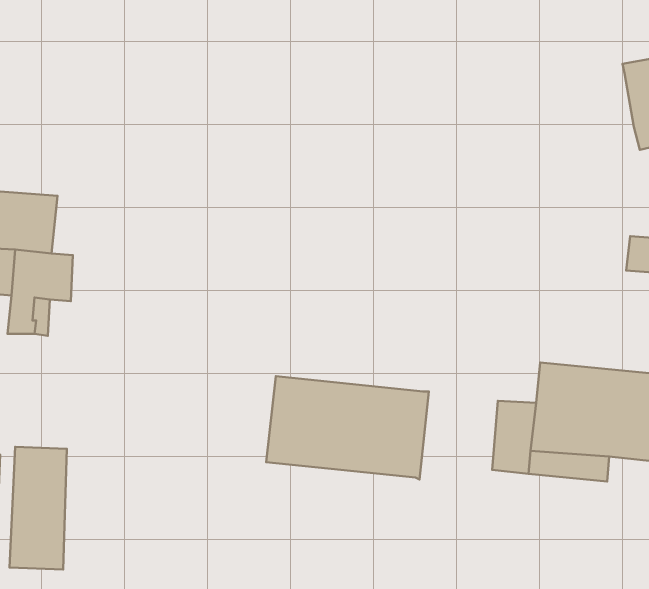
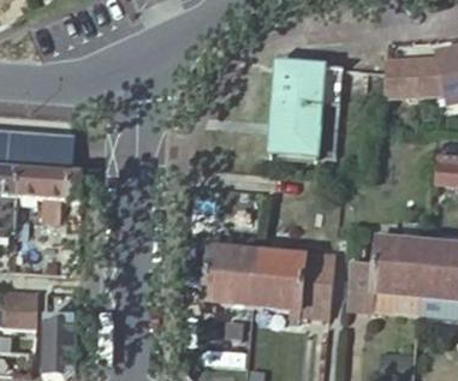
building: none -> [379,56,434,93]
building: none -> [269,62,338,156]
building: none -> [296,252,332,319]

